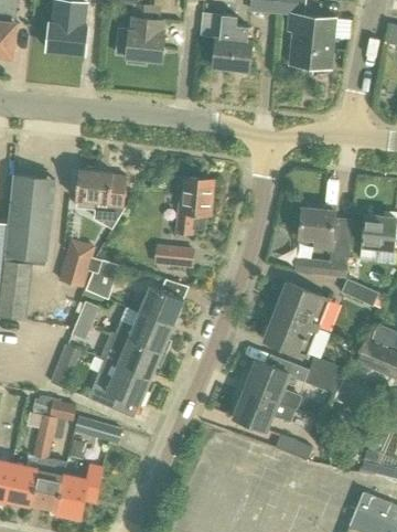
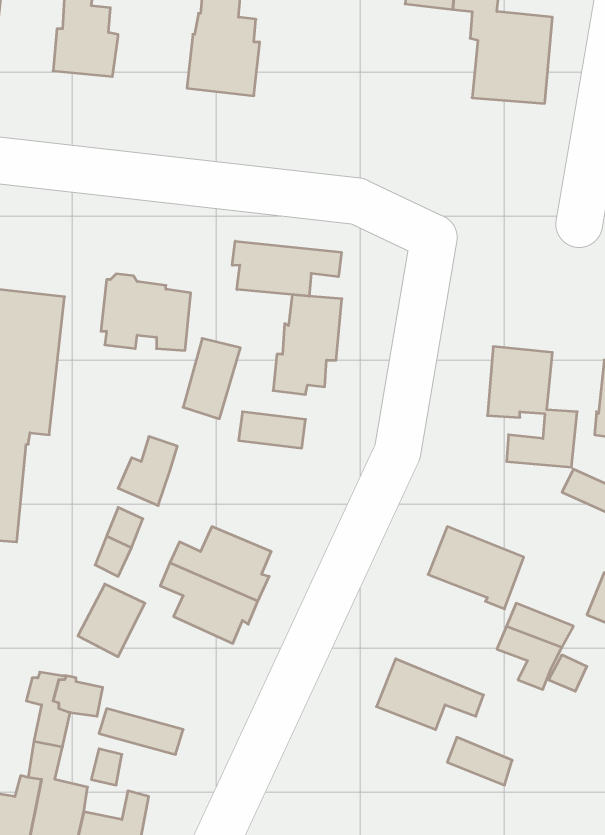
building: [212,13,250,70] -> none
building: none -> [232,241,341,296]
building: [61,240,94,286] -> [183,338,240,419]
building: [275,281,331,329] -> none
building: [139,285,184,326] -> none
building: [245,359,302,408] -> none
building: [88,363,151,411] -> none

